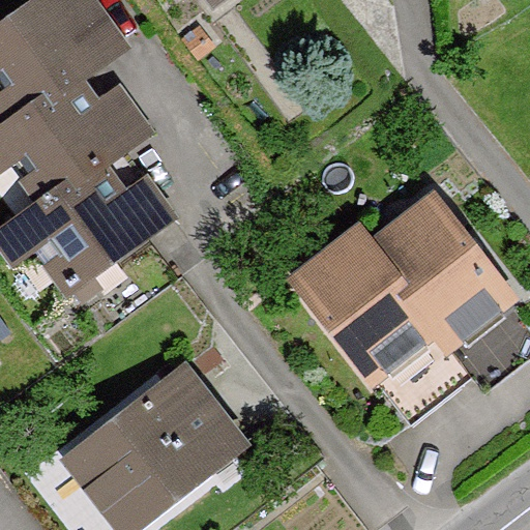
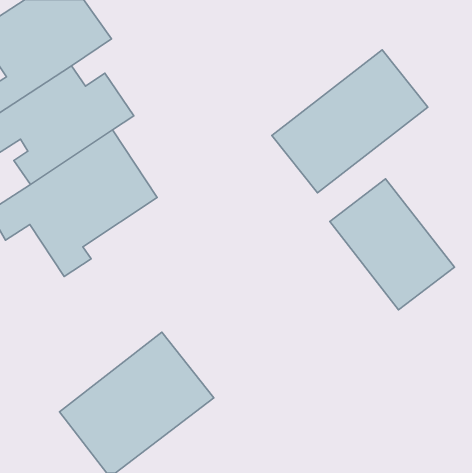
building: none -> [272,50,428,193]
building: [293,232,444,379] -> none

